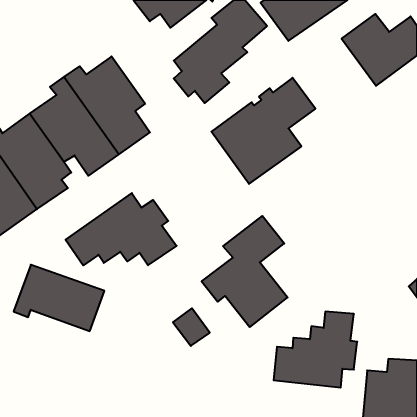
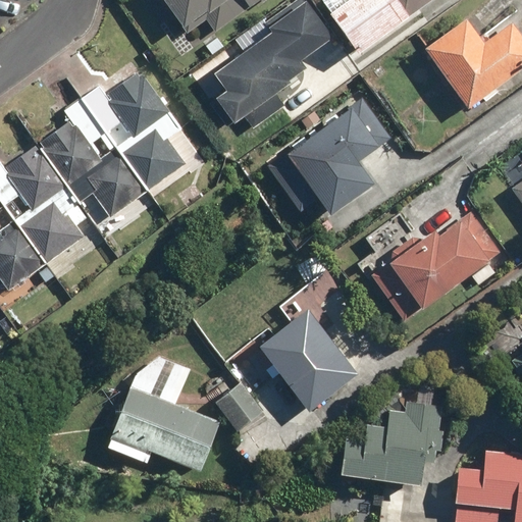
building: none -> [357,209,512,326]
building: [66,193,177,265] -> none
building: [14,265,104,331] -> [108,387,221,470]

